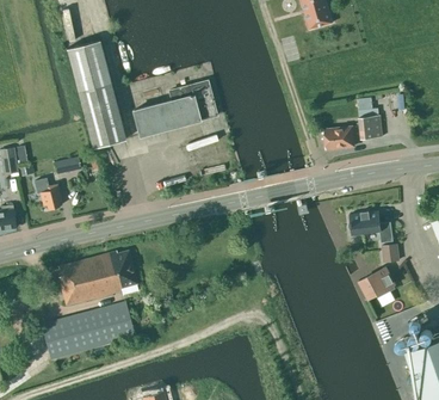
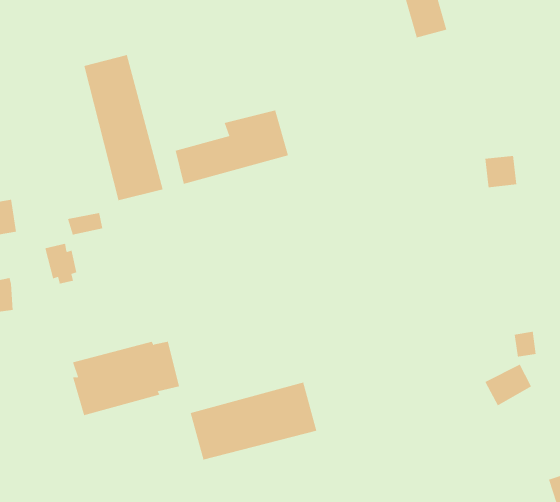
building: [324,127,354,149] -> none
building: [351,210,394,242] -> none
building: [42,301,135,358] -> [190,382,317,460]

